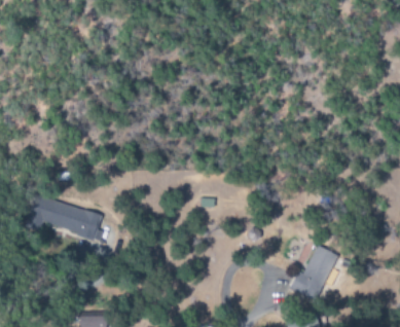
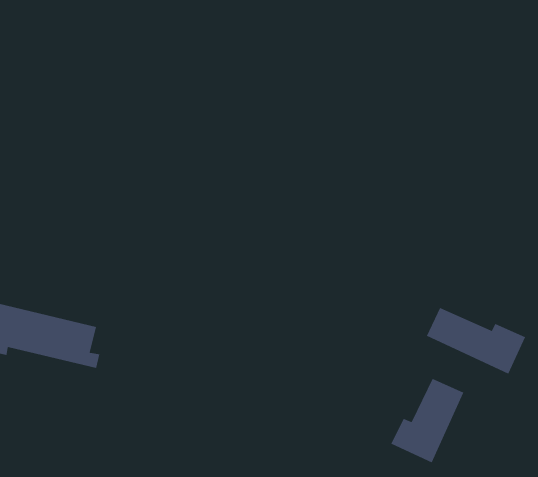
building: none -> [426,307,526,375]

